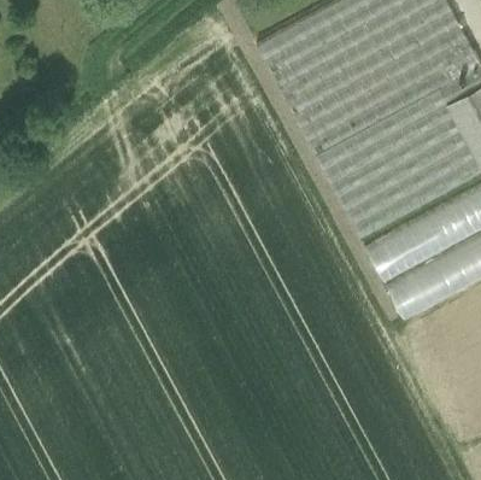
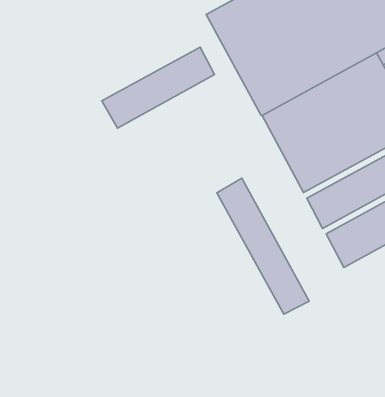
building: none -> [102,47,214,128]
building: none -> [217,178,309,314]

